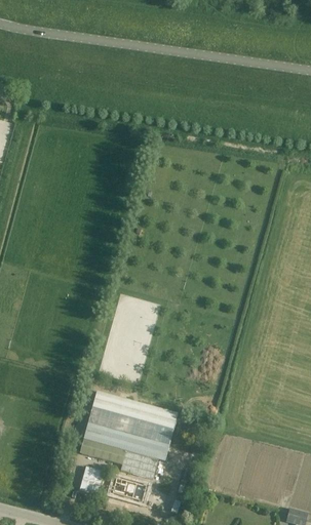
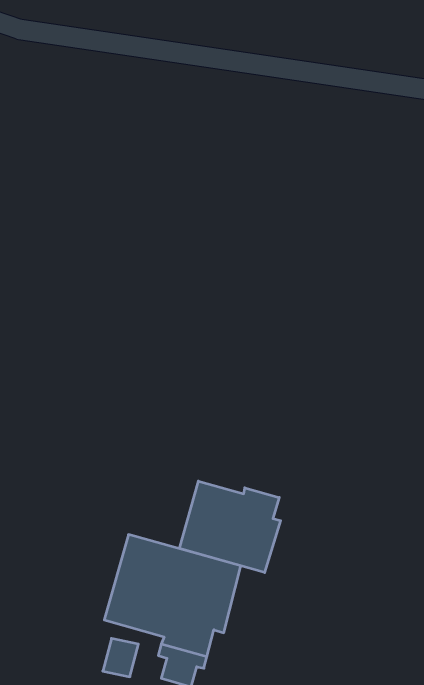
building: none -> [180,481,281,573]

